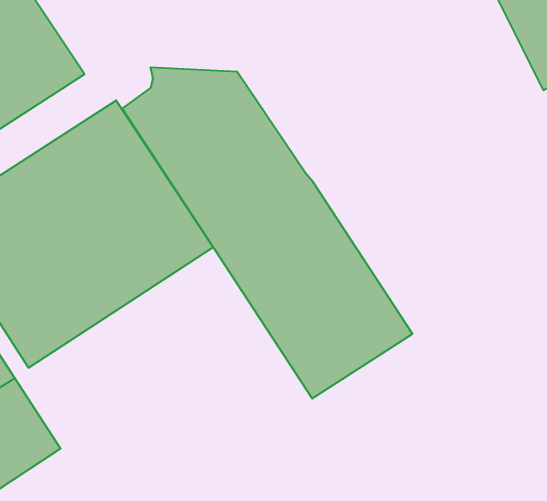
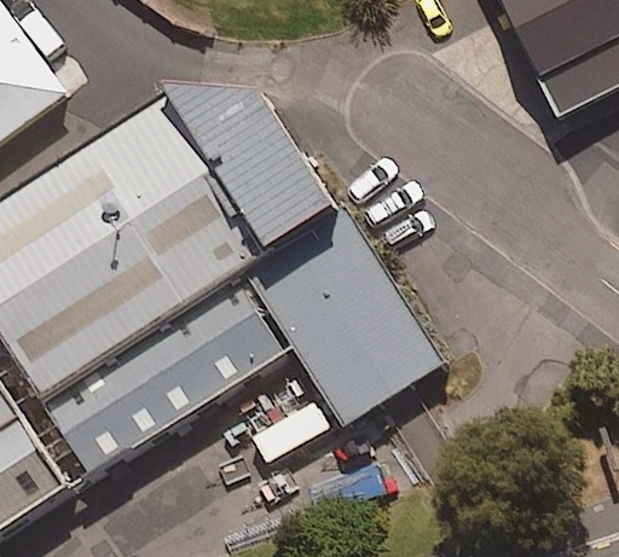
building: none -> [35,274,280,477]

